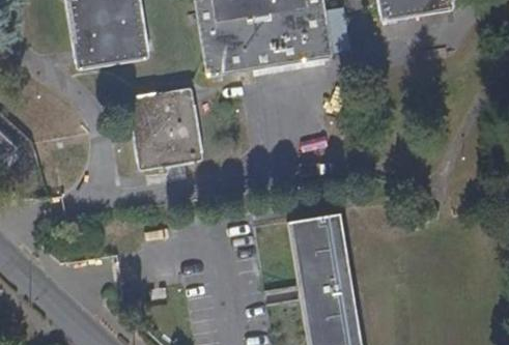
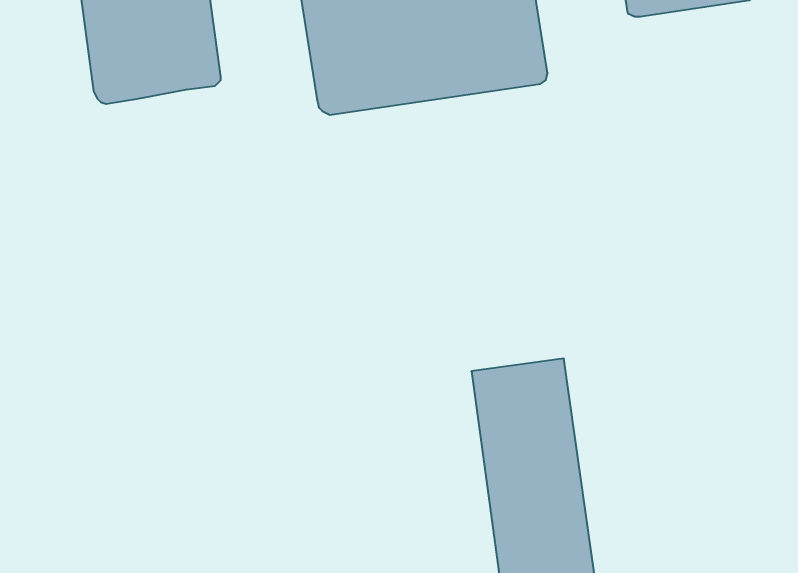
building: [129,88,203,168] -> none

